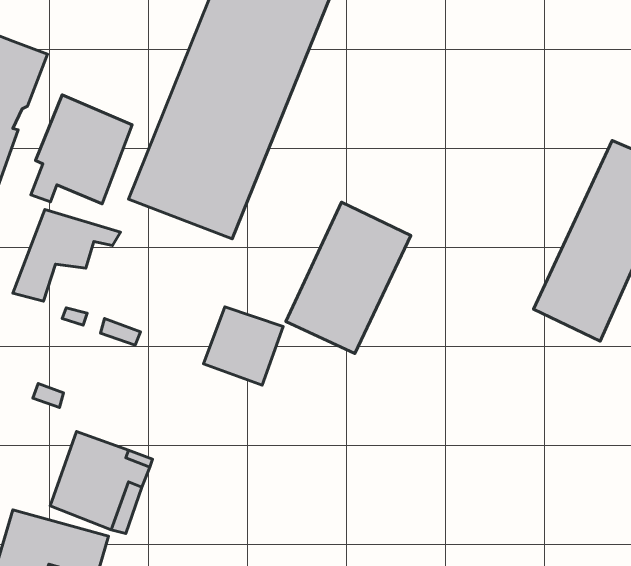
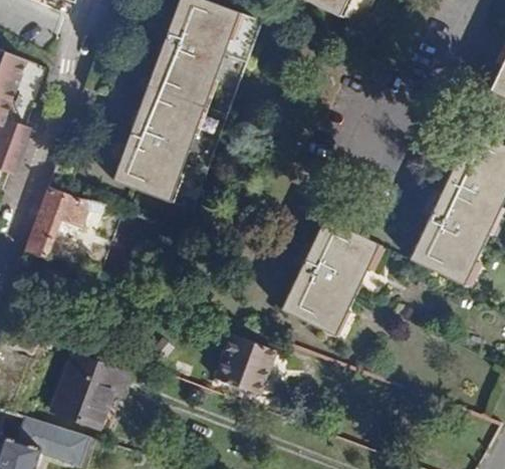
building: [31,95,132,204] -> none
building: [286,202,411,354] -> [295,225,390,339]
building: [204,307,283,385] -> [213,333,273,393]

